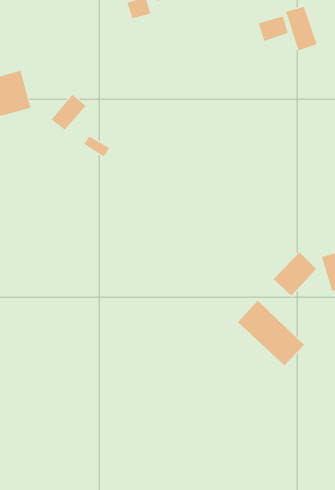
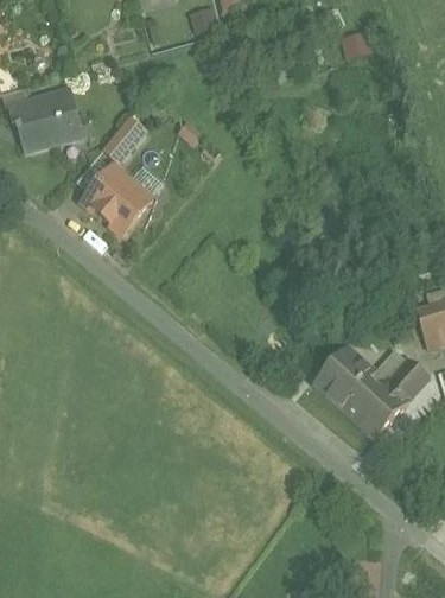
building: [285,6,317,51] -> none
building: none -> [83,166,150,231]
building: [273,252,317,297] -> [375,356,426,408]

